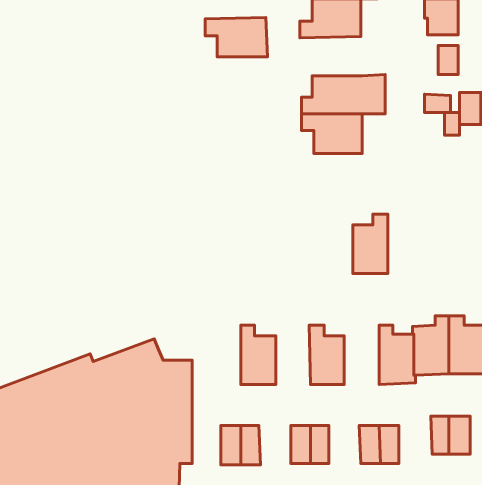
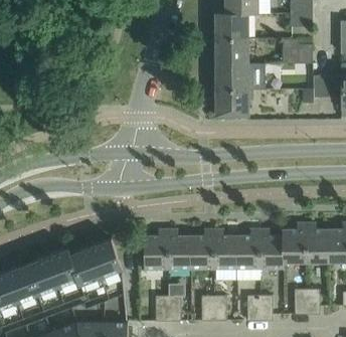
building: [205,17,267,57] -> [207,38,248,64]
building: [353,214,388,273] -> [236,229,260,269]
building: none -> [144,229,168,269]
building: none -> [191,229,214,269]

